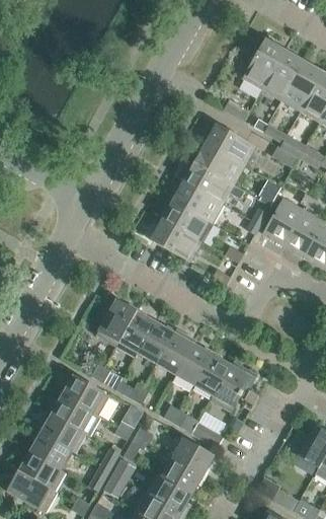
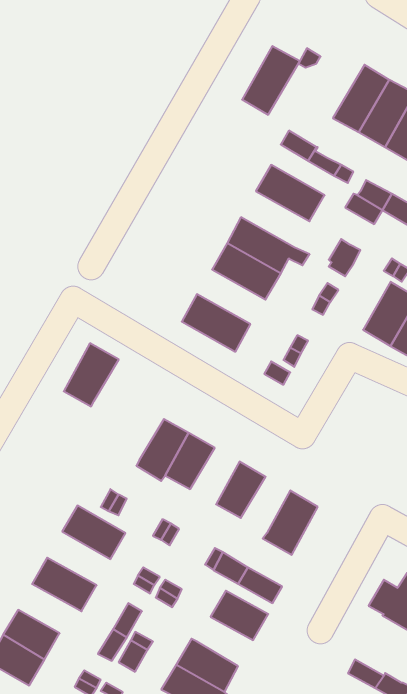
building: [243,39,286,89] -> [242,46,300,115]
building: [194,143,245,184] -> none
building: [263,198,305,245] -> none
building: [159,201,213,241] -> none
building: [97,299,138,346] -> [64,343,119,406]
building: [157,329,195,374] -> none
building: [194,354,231,395] -> none
building: [52,394,102,436] -> none
building: [30,433,72,469] -> none
building: [162,457,203,494] -> none

